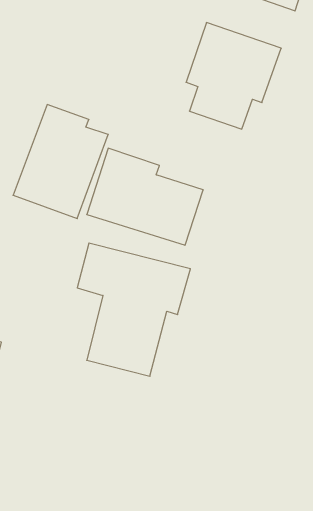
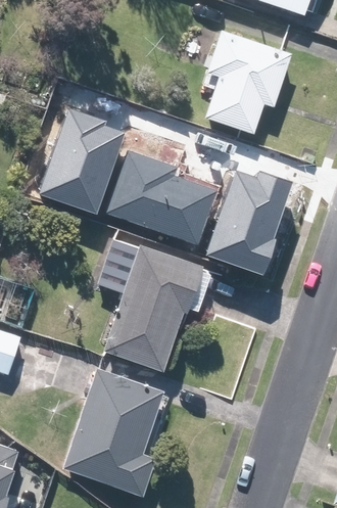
building: none -> [207,172,293,277]
building: none -> [60,367,164,494]

